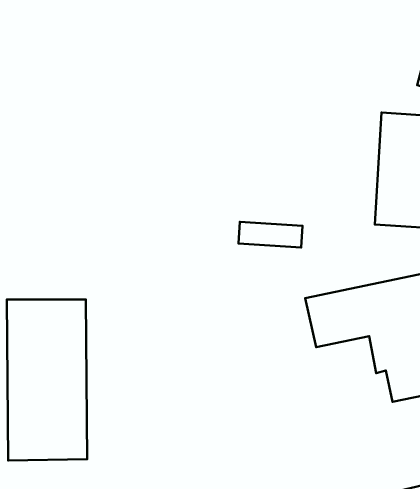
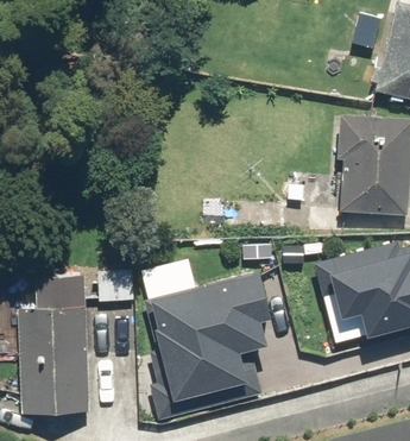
building: none -> [154,276,280,402]

